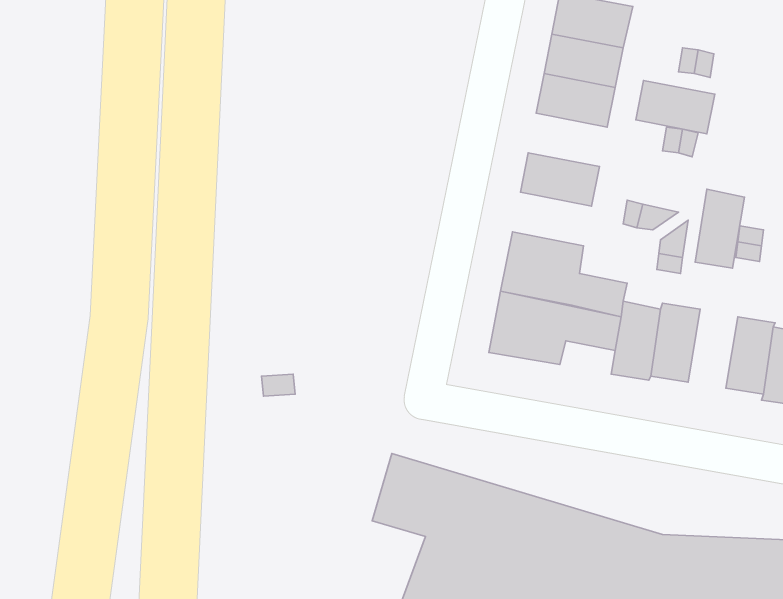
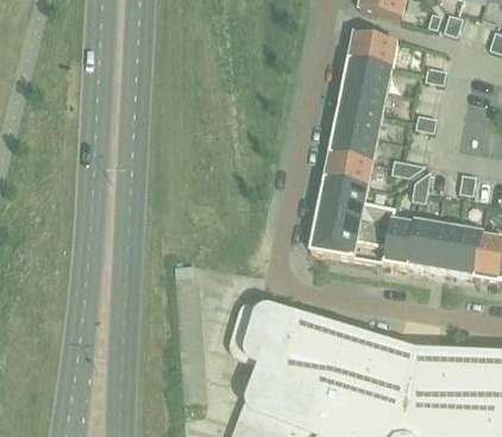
building: [636,80,715,134] -> [334,104,382,136]
building: [695,189,744,268] -> [431,221,460,269]
building: none -> [325,151,372,183]

